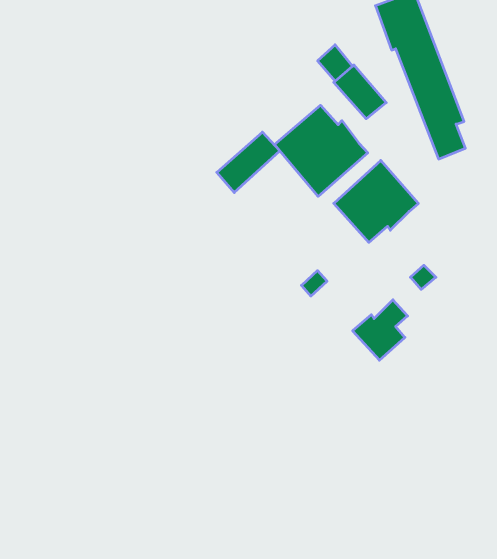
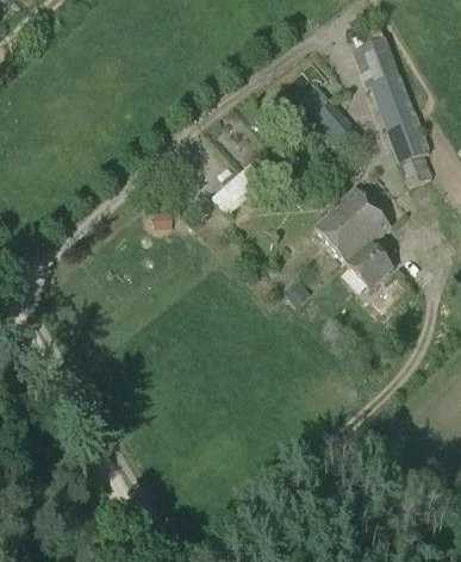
building: [275,105,368,196] -> none
building: [353,300,408,360] -> [344,232,393,286]

